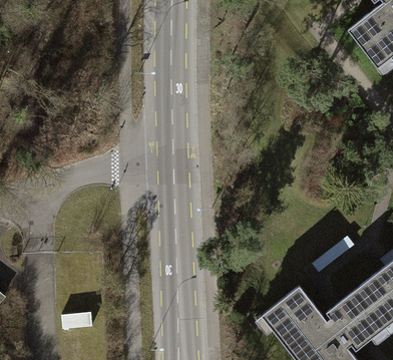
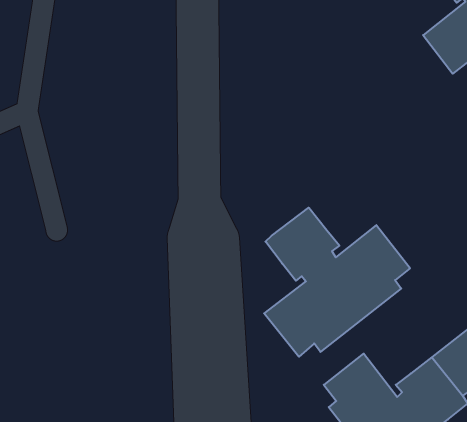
building: none -> [264,208,410,357]

